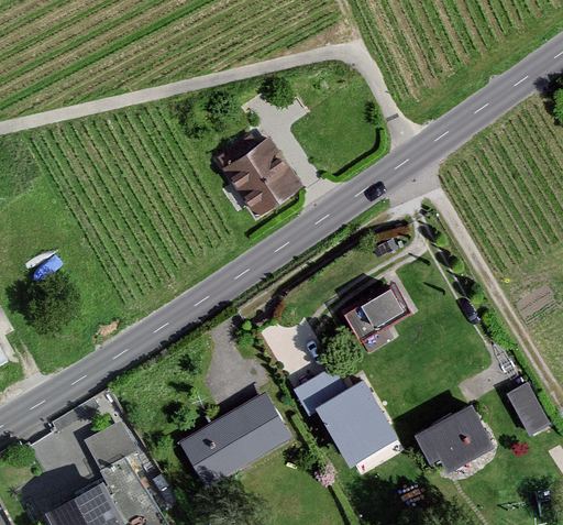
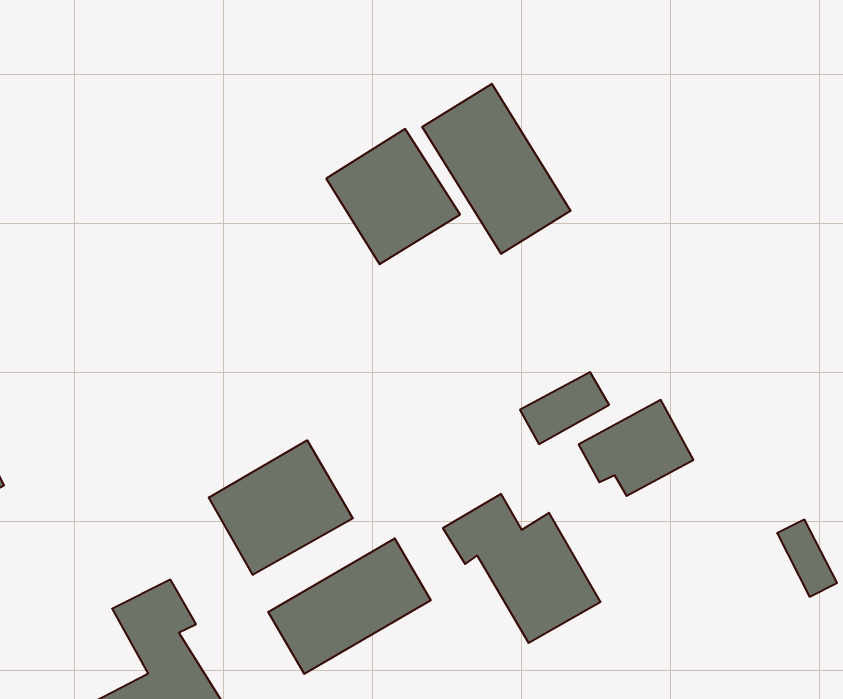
building: none -> [422,84,571,254]
building: none -> [209,440,353,575]
building: [416,408,489,470] -> [579,400,693,496]

